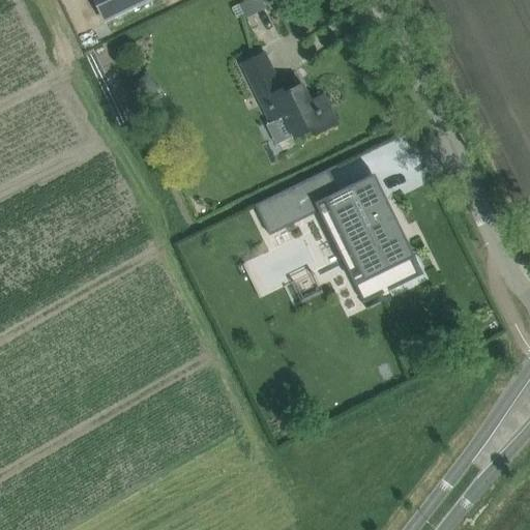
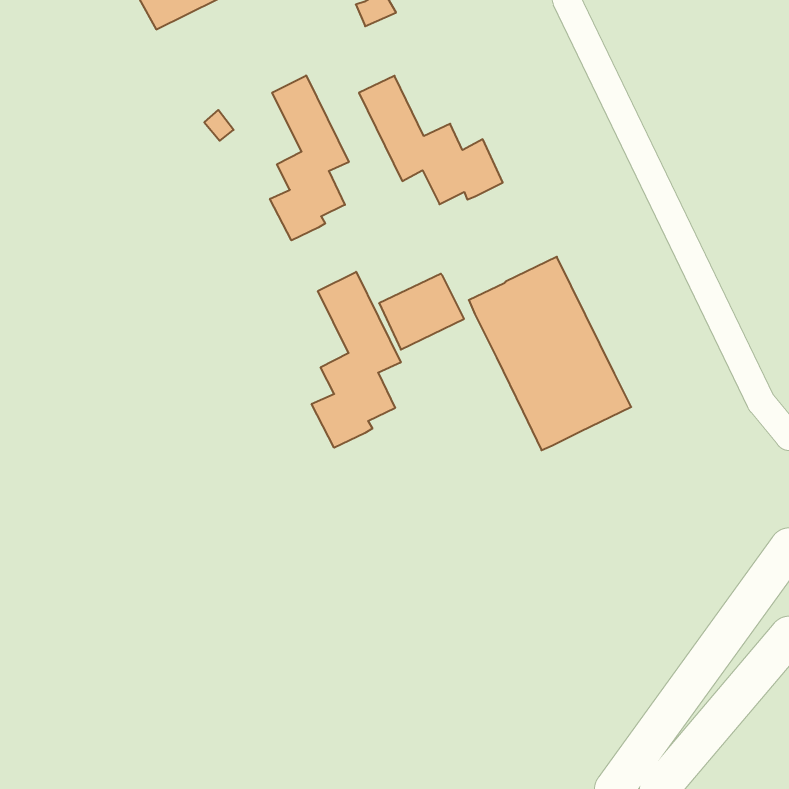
building: none -> [270,75,349,240]
building: none -> [312,272,401,448]

